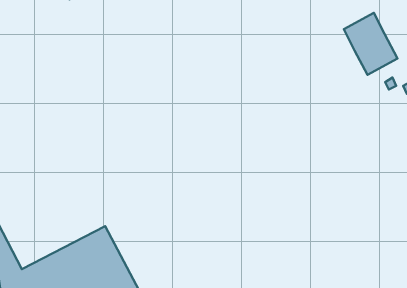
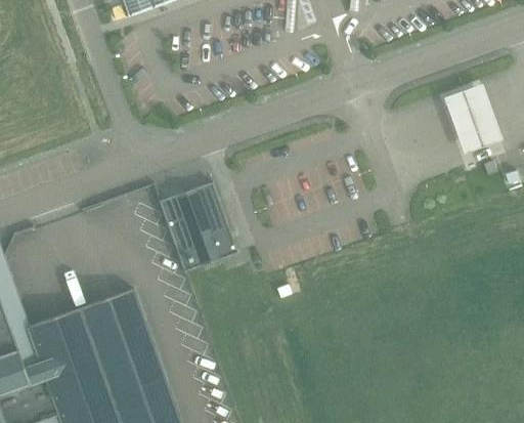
building: none -> [159,181,238,271]

